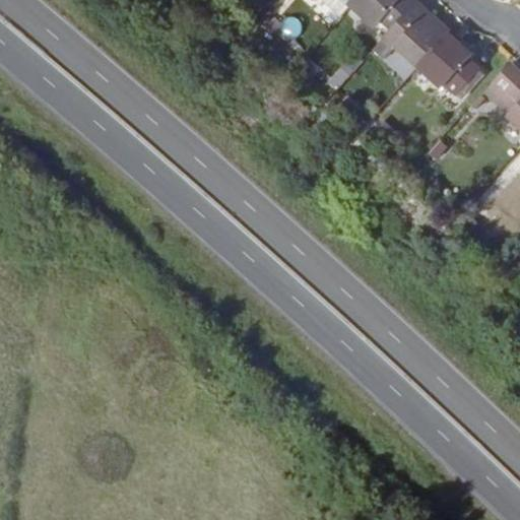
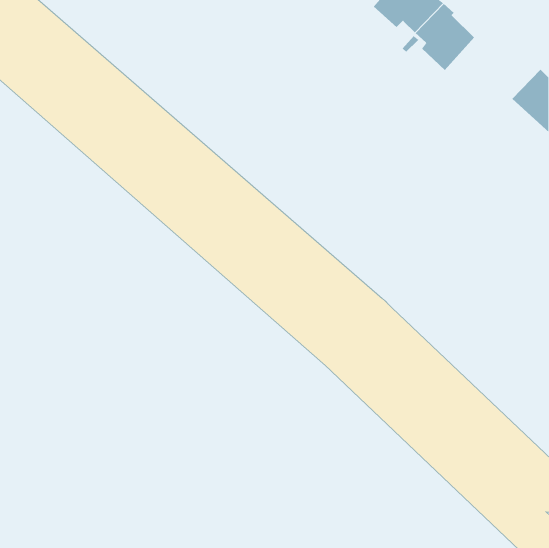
building: [420,36,481,95] -> none

